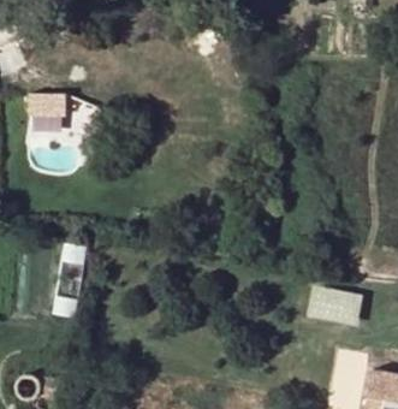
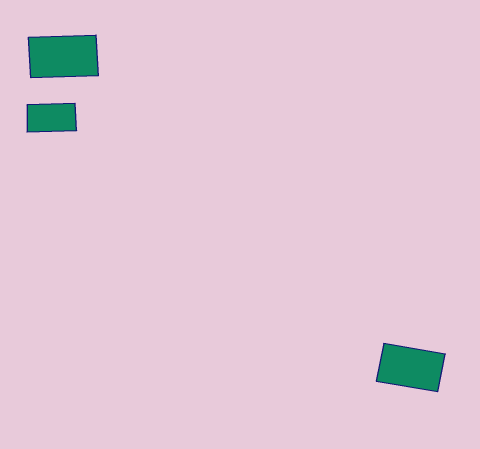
building: none -> [29,35,98,78]

